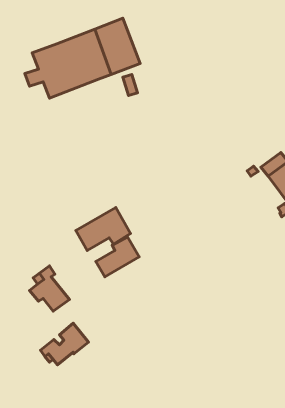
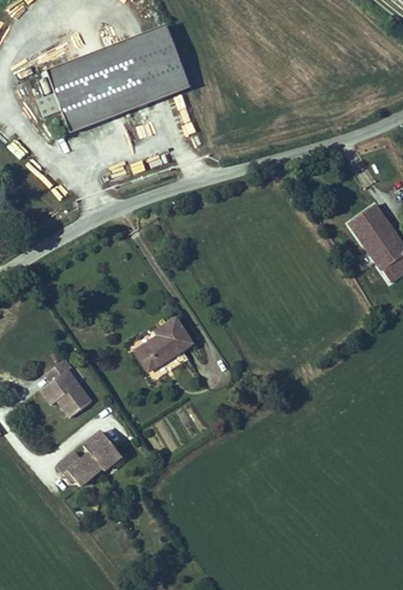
building: [76,207,130,251] -> none

